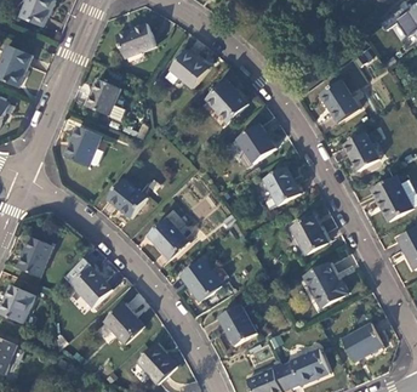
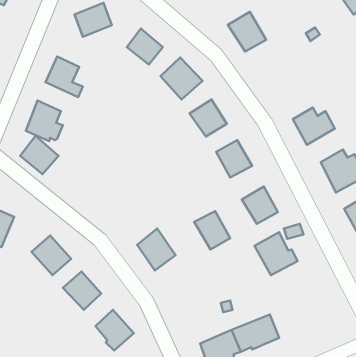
building: [319,79,359,120] -> [228,12,266,51]
building: [108,177,148,217] -> [20,136,59,174]
building: [148,217,189,259] -> none
building: [218,305,256,345] -> [194,211,230,250]
building: [342,322,383,359] -> none

